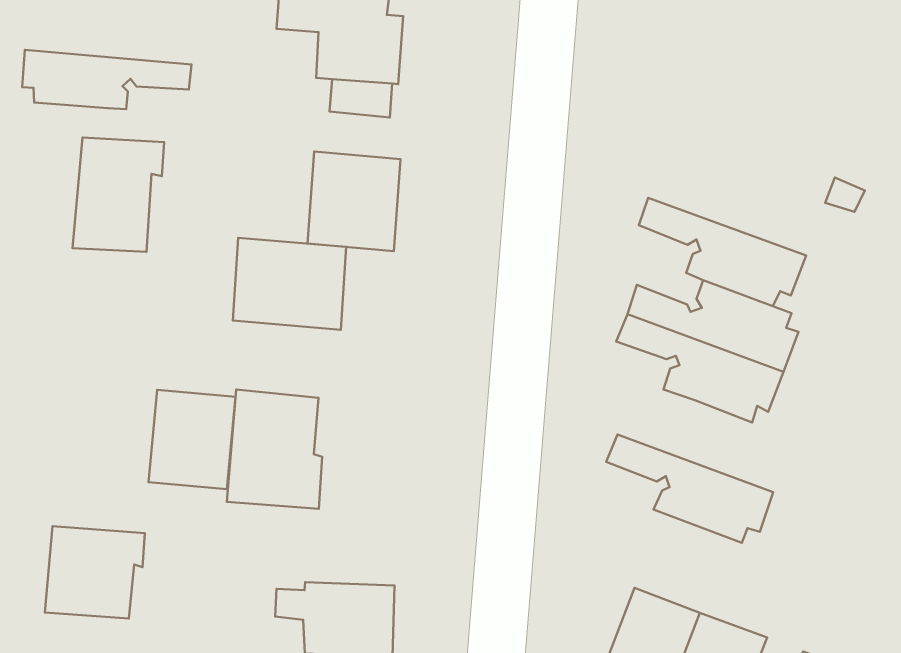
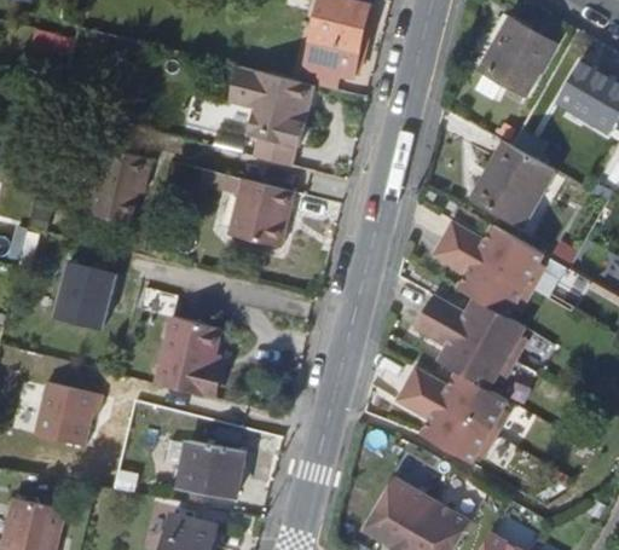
building: none -> [474,149,553,227]
building: [22,50,191,109] -> none
building: none -> [441,225,544,291]
building: [233,238,346,330] -> none
building: [149,390,236,489] -> [53,262,115,330]
building: none -> [399,366,502,433]

